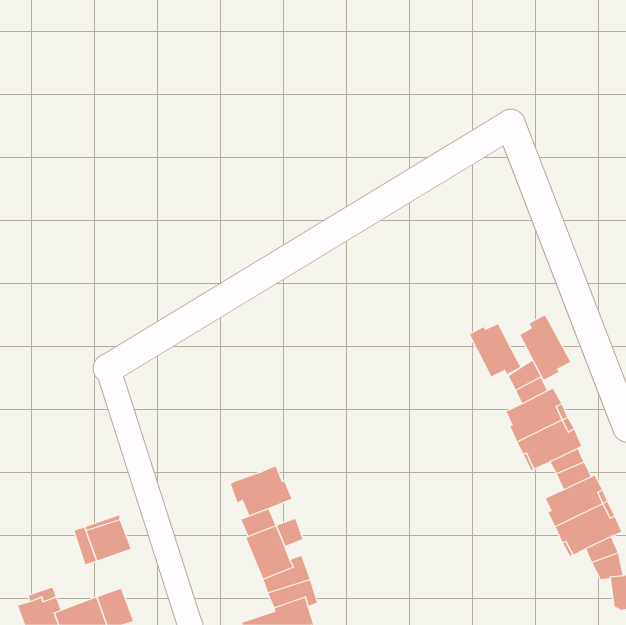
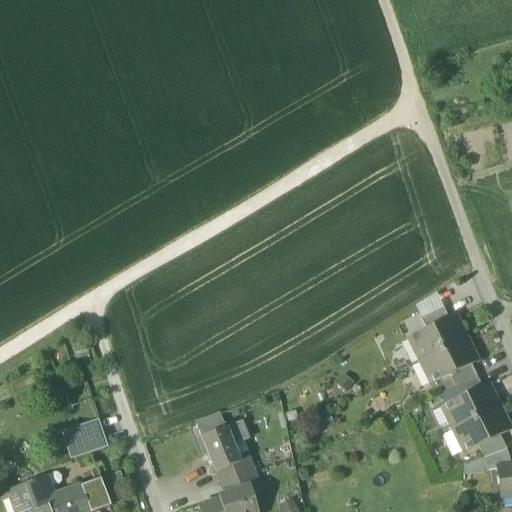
building: [520,315,571,380] -> none
building: [469,323,521,377] -> none
building: [230,466,292,516] -> none

